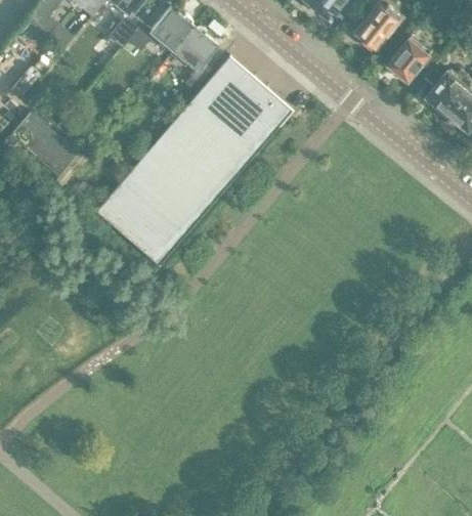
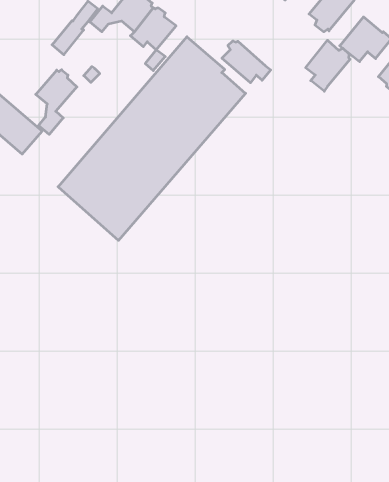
building: none -> [306,40,350,91]
building: none -> [222,41,271,83]
building: none -> [36,70,77,134]

